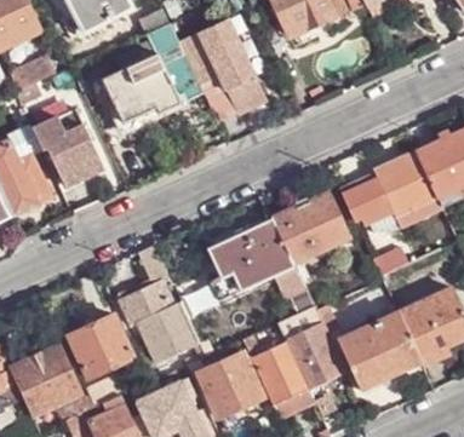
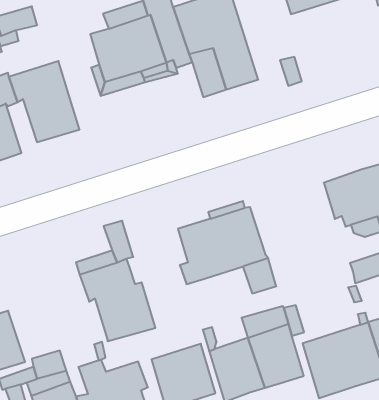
building: [273,194,350,264] -> none
building: [67,315,132,378] -> none

